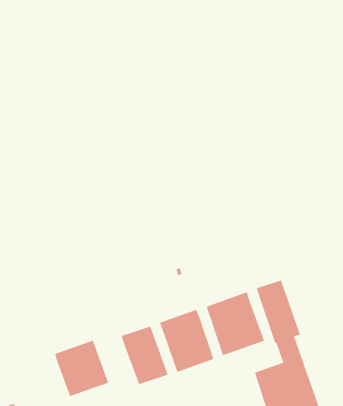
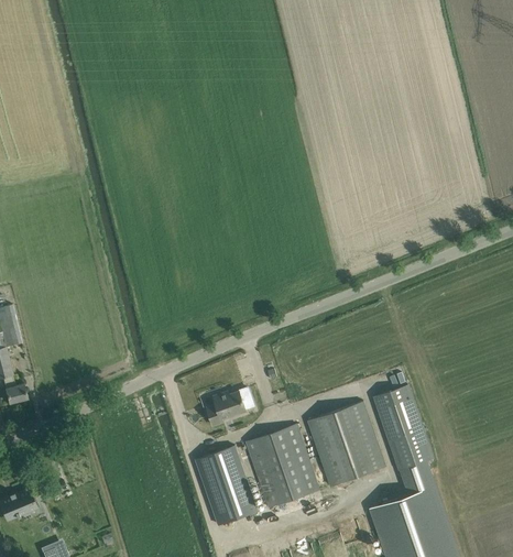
building: none -> [206,392,244,426]
building: [54,340,109,397] -> none

